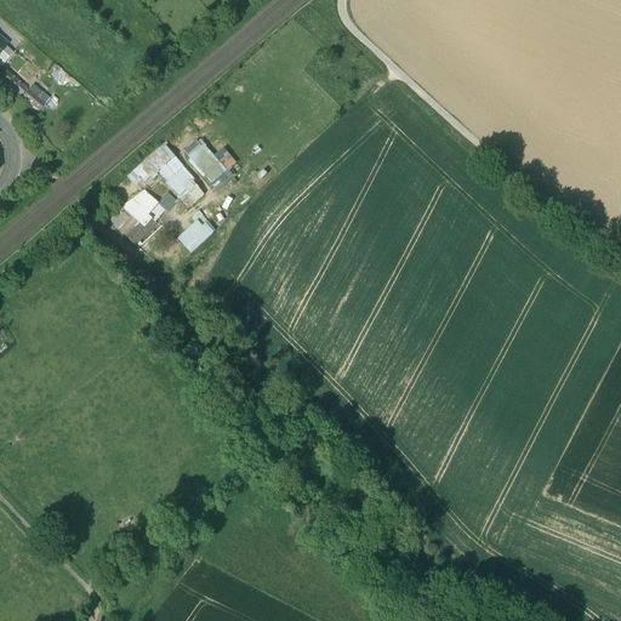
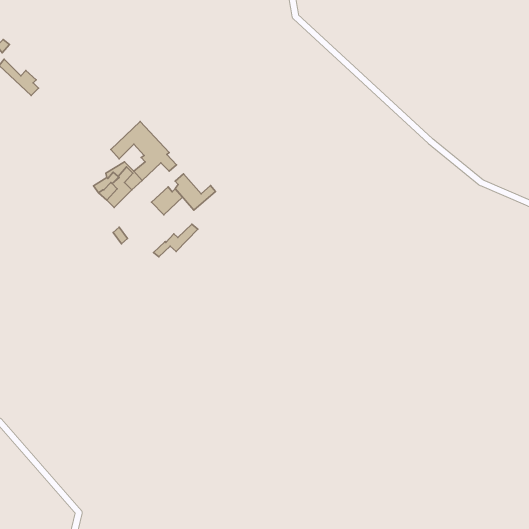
building: [190,141,238,183] -> [175,174,216,210]
building: none -> [154,224,198,257]

